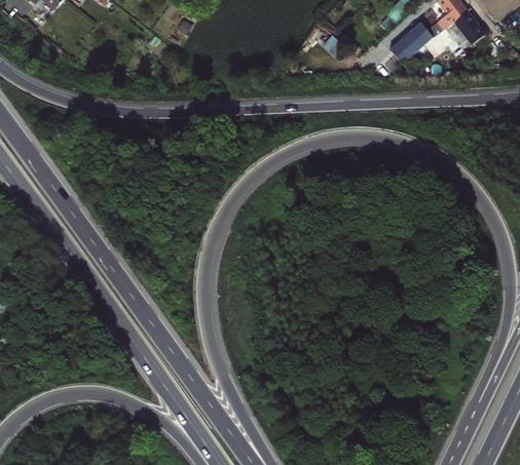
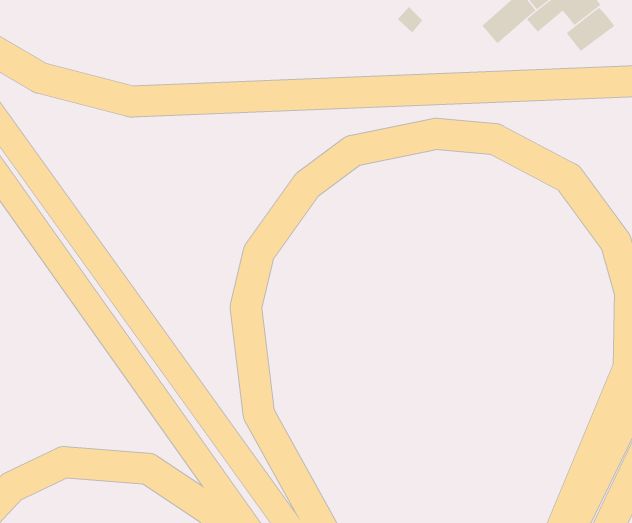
building: none -> [566,7,615,52]

